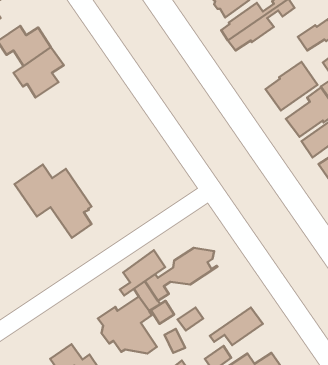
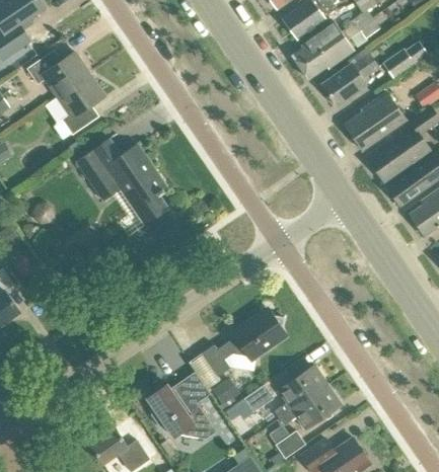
building: none -> [322,53,379,104]
building: [15,165,91,238] -> [77,138,168,225]
building: [120,250,165,295] -> [274,364,327,417]

